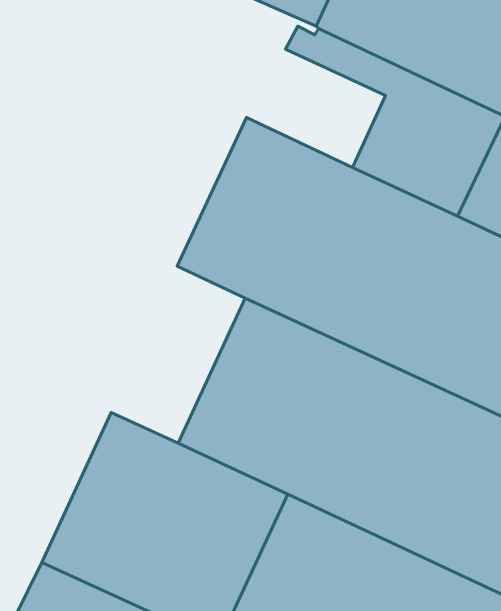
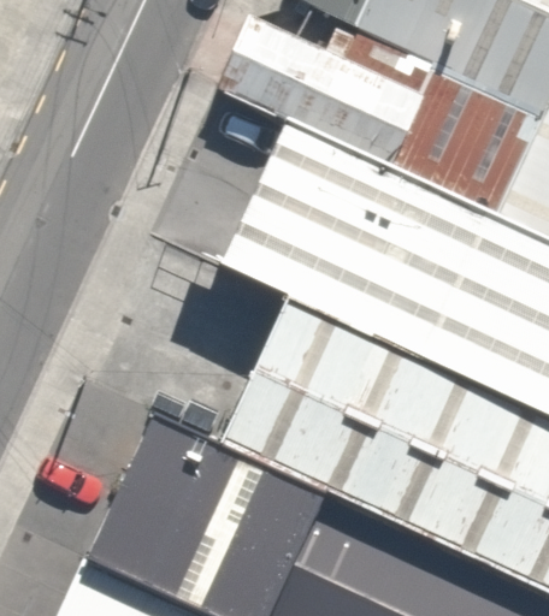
building: none -> [217,16,425,167]

